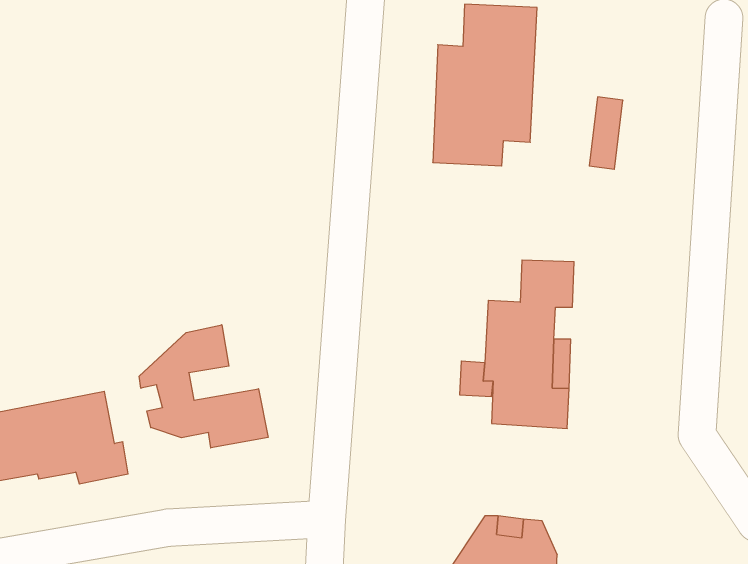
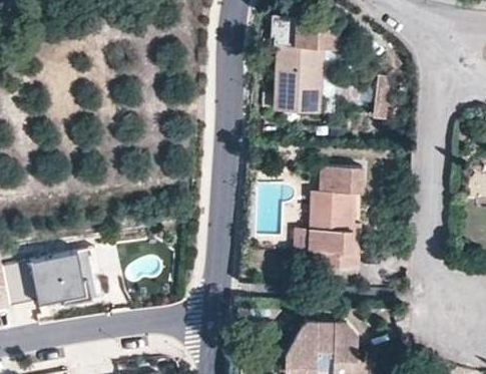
building: [139,325,268,448] -> none

